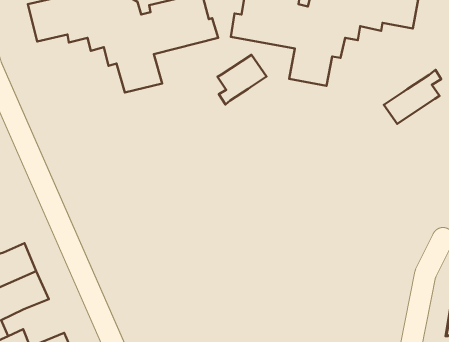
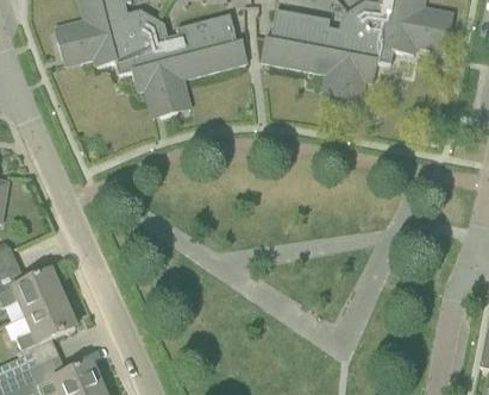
building: [218,55,267,104] -> none
building: [384,70,441,124] -> none

